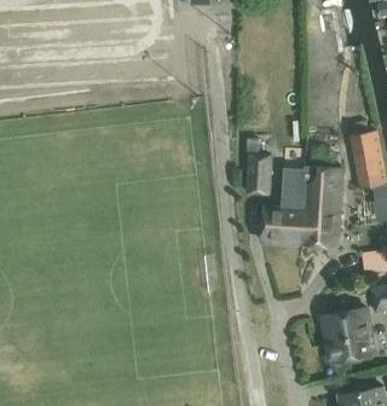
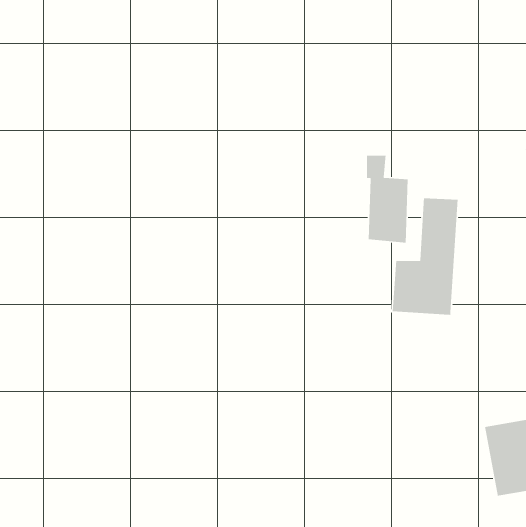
building: [300,166,342,248] -> none

